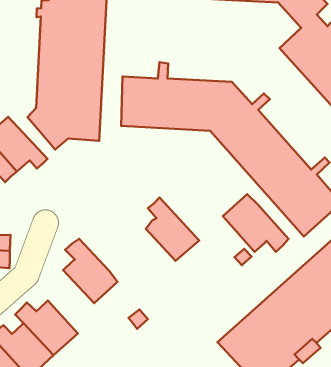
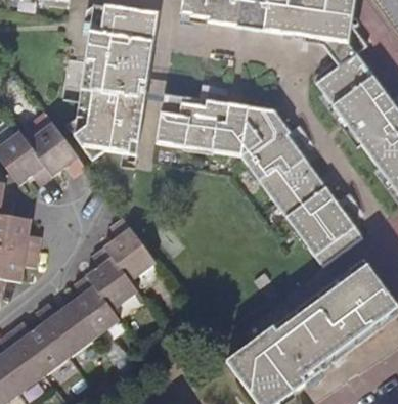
building: [223,194,288,252] -> none
building: [146,197,199,261] -> [106,217,157,279]
building: none -> [71,274,121,336]

